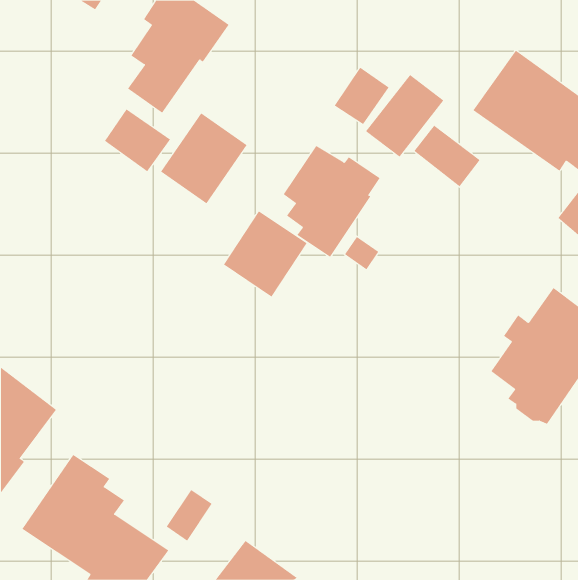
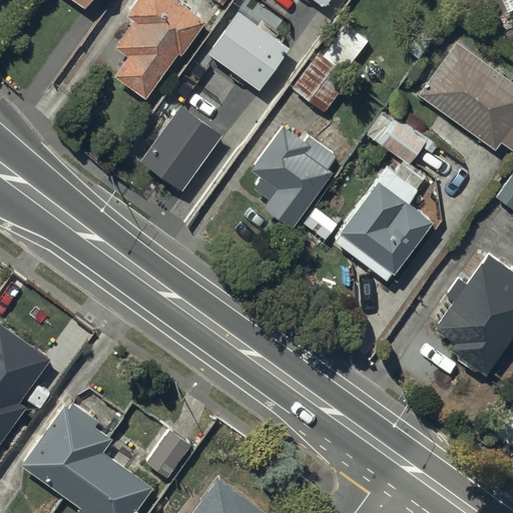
building: none -> [209,8,291,85]
building: [365,74,444,158] -> none
building: [104,109,171,172] -> none
building: none -> [336,184,432,282]
building: [223,211,307,297] -> none

